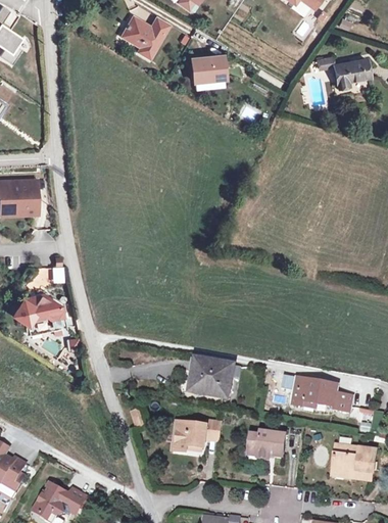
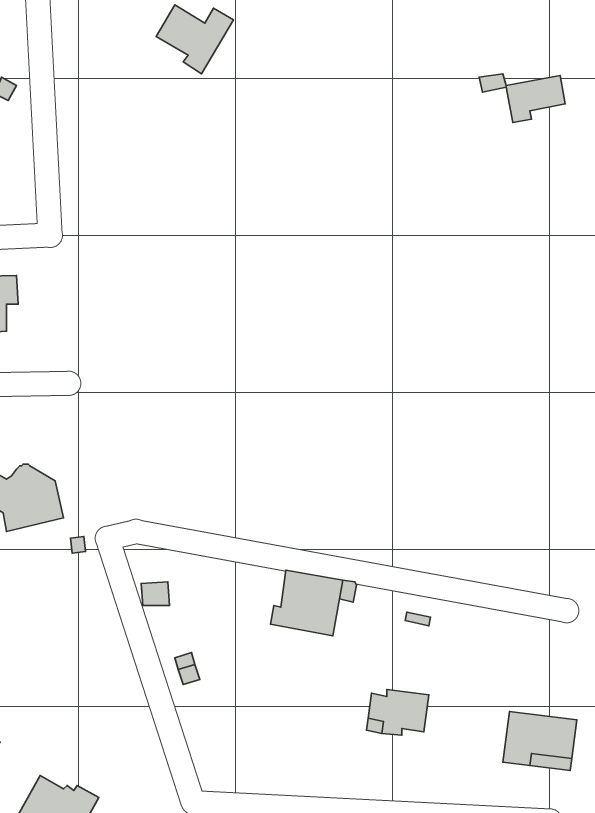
building: [190,55,224,81] -> none
building: [292,379,352,412] -> none
building: [173,421,221,451] -> none

